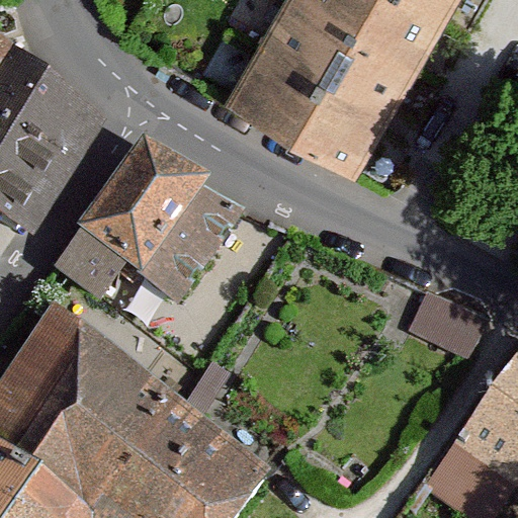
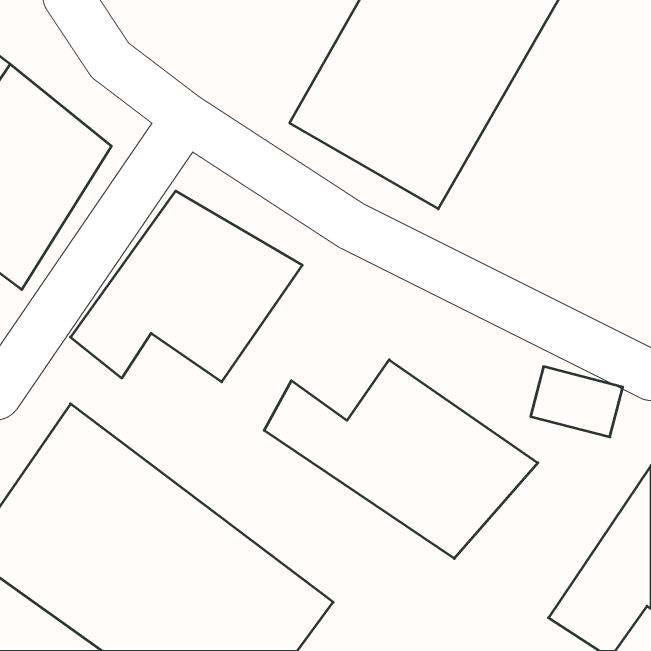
building: none -> [264,360,538,559]

